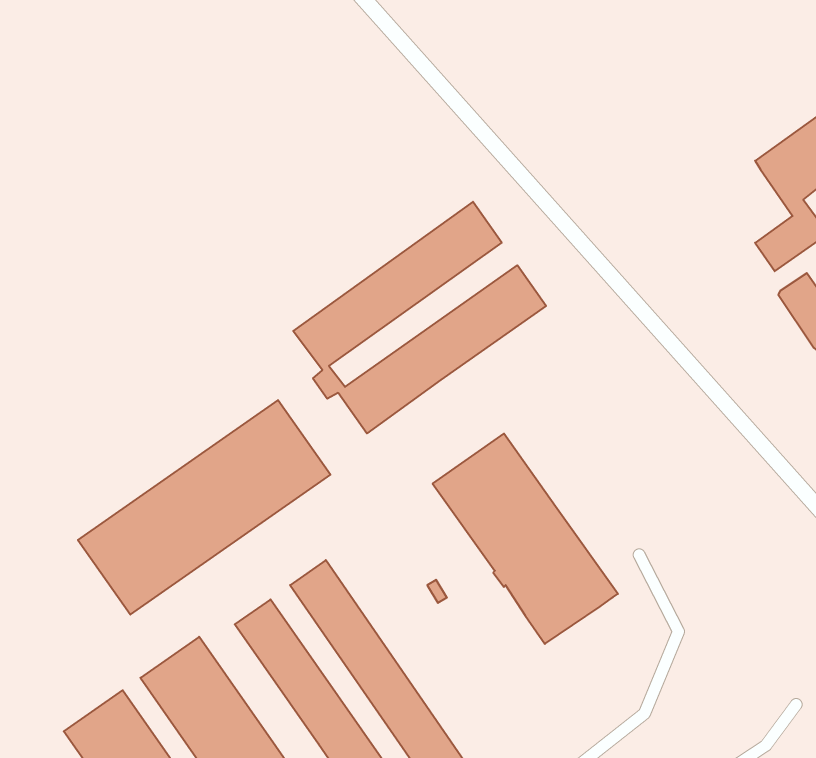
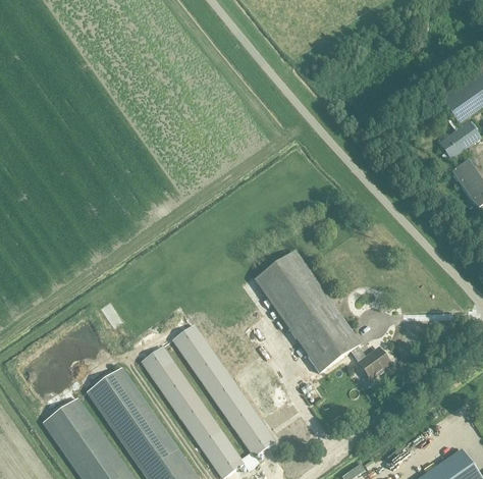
building: [293,202,546,433] -> none
building: [78,400,330,615] -> none
building: none -> [350,345,389,377]

